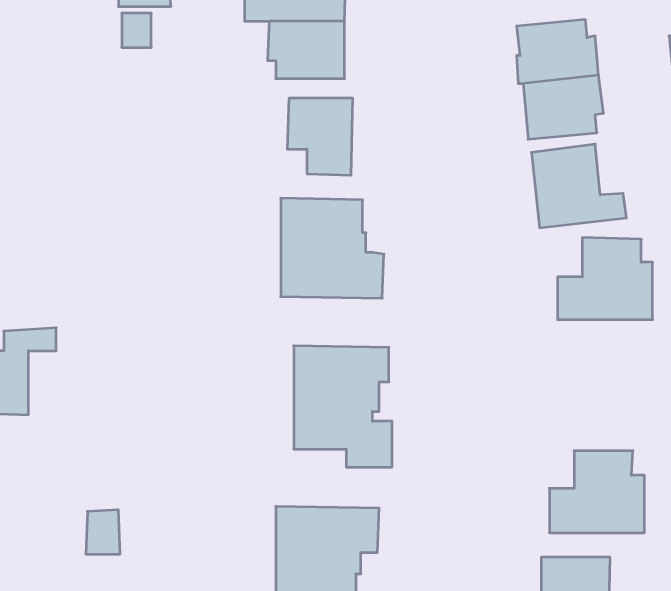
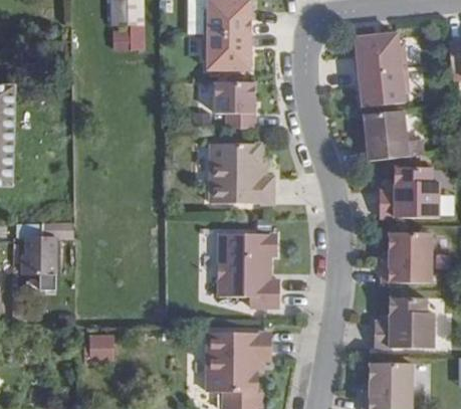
building: none -> [382,232,431,282]

